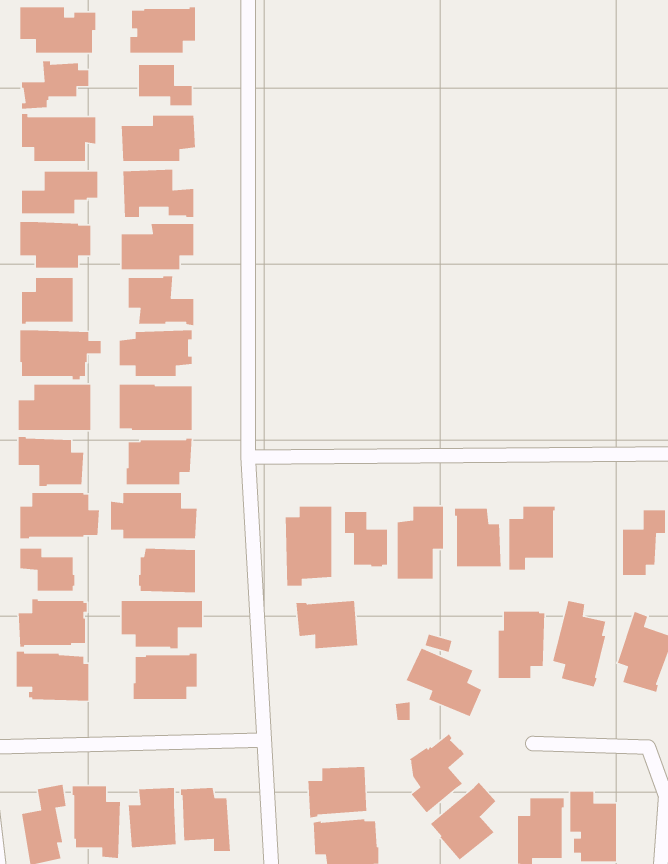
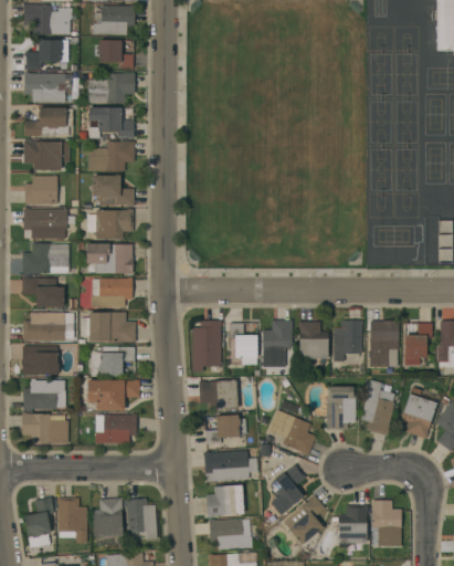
building: none -> [369,321,399,367]
building: none -> [204,415,246,444]
building: none -> [203,451,249,482]

